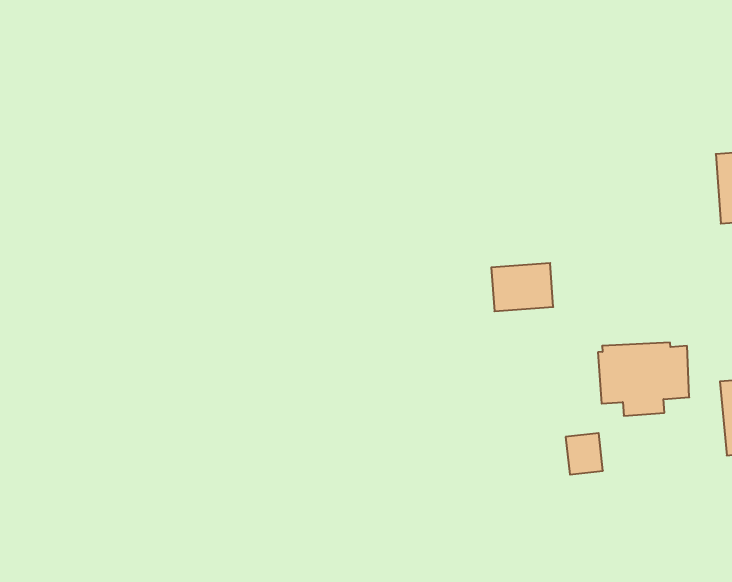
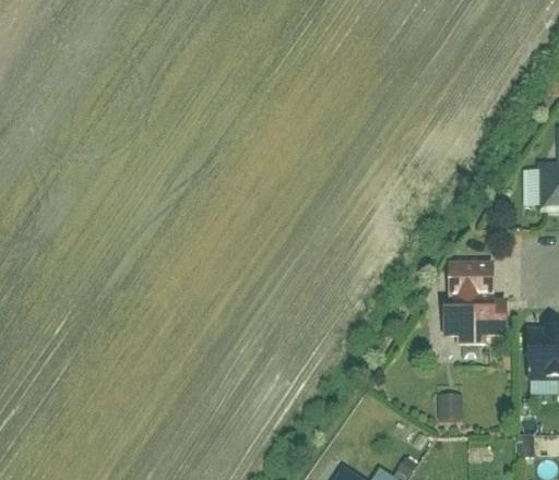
building: [491,263,553,311] -> [449,260,491,291]
building: [566,433,603,475] -> [437,394,462,422]

